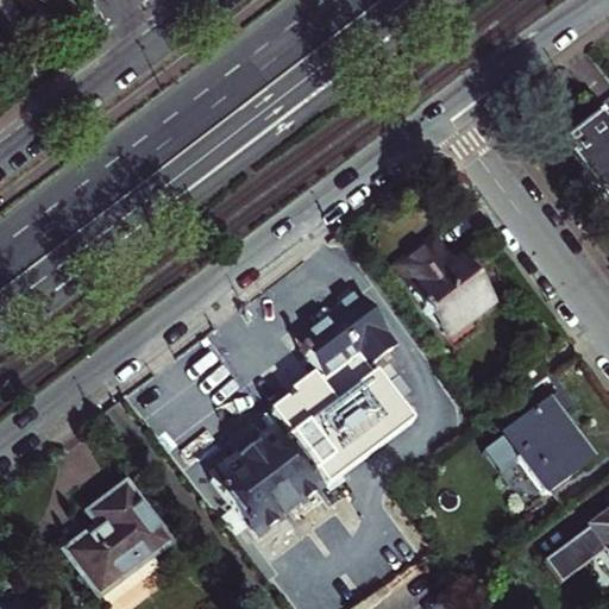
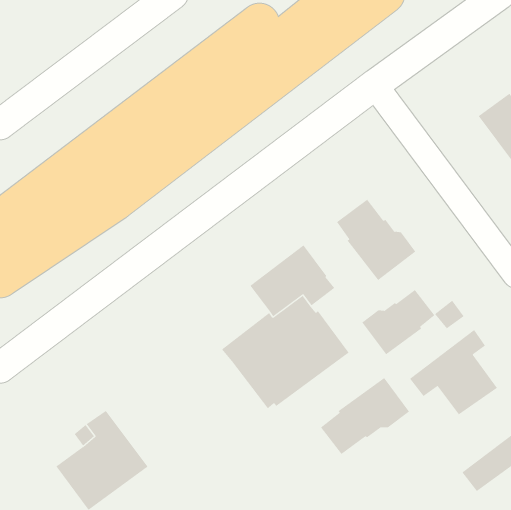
building: none -> [362,289,435,355]
building: [214,426,322,530] -> none
building: none -> [320,377,410,455]

